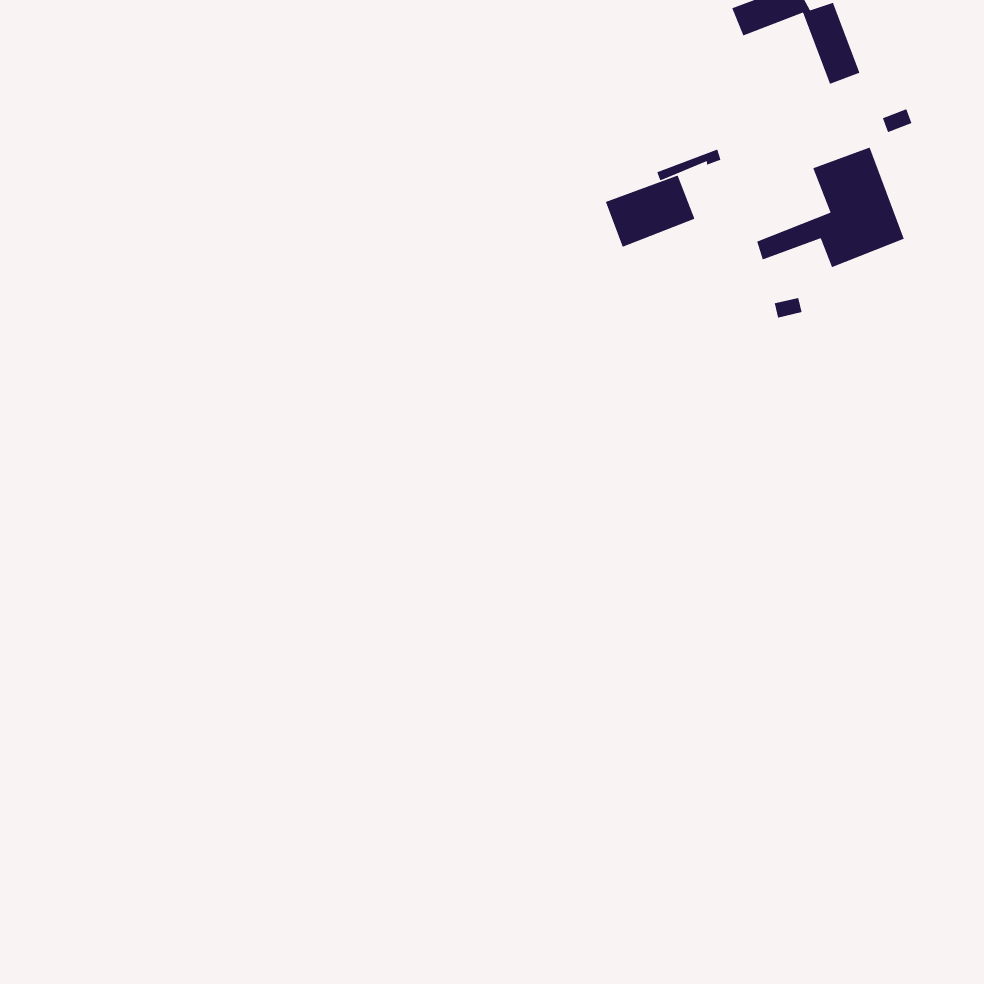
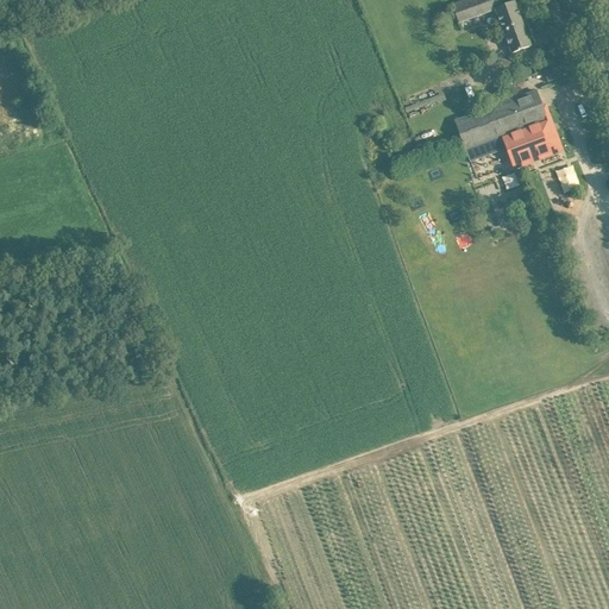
building: [605,175,696,248] -> [457,103,513,149]

